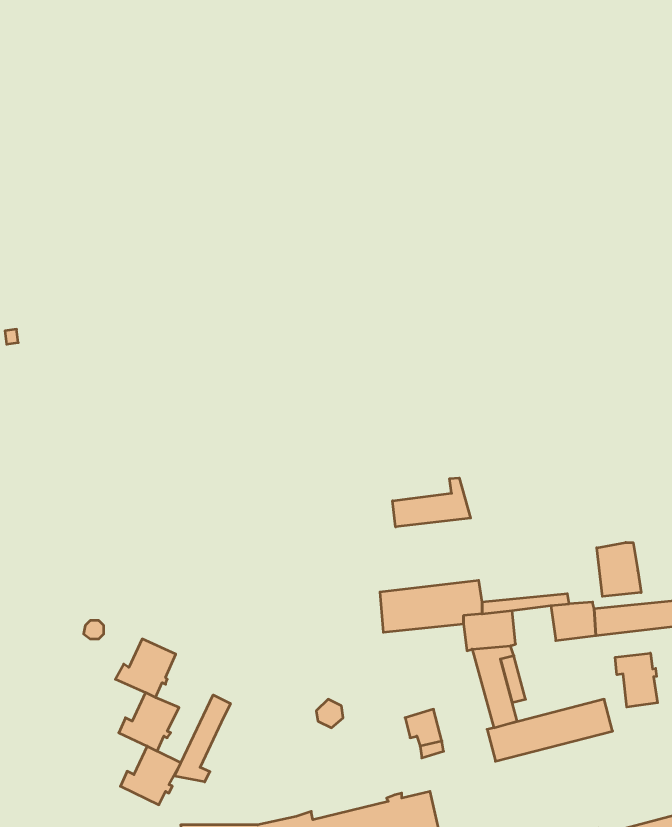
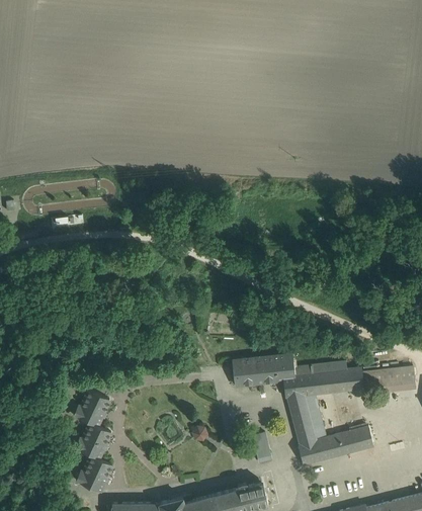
building: [393,478,471,527] -> none
building: [597,542,641,596] -> none
building: none -> [313,370,339,394]
building: [615,653,658,707] -> none
building: [174,695,230,782] -> none

